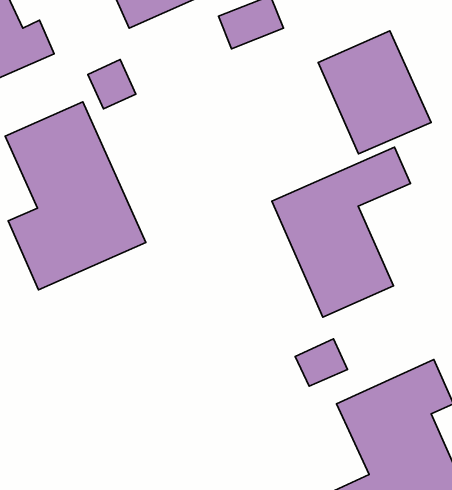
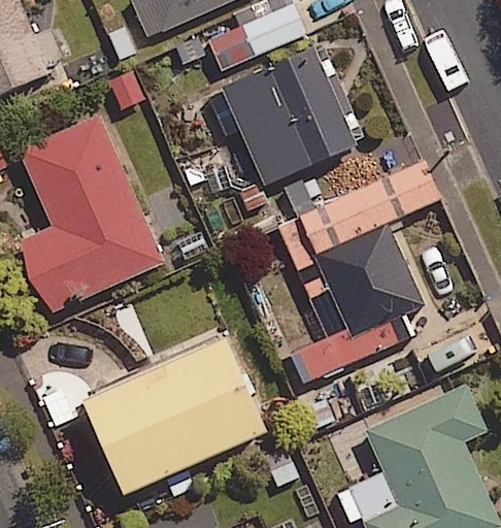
building: [318,31,431,154] -> [235,50,354,178]
building: none -> [79,334,267,493]

